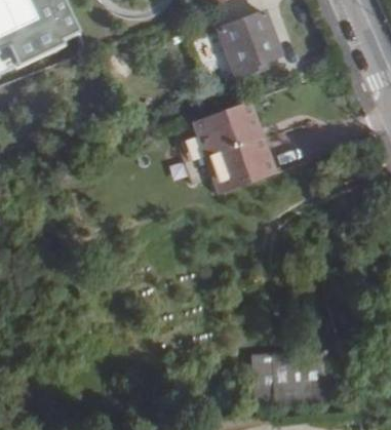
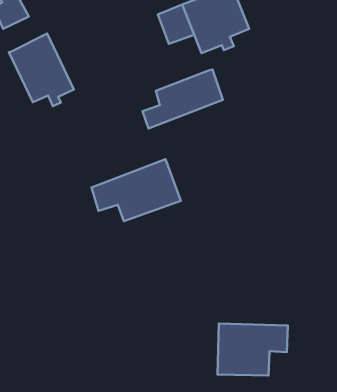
building: none -> [9,33,74,106]
building: [184,127,274,190] -> [91,159,181,221]

